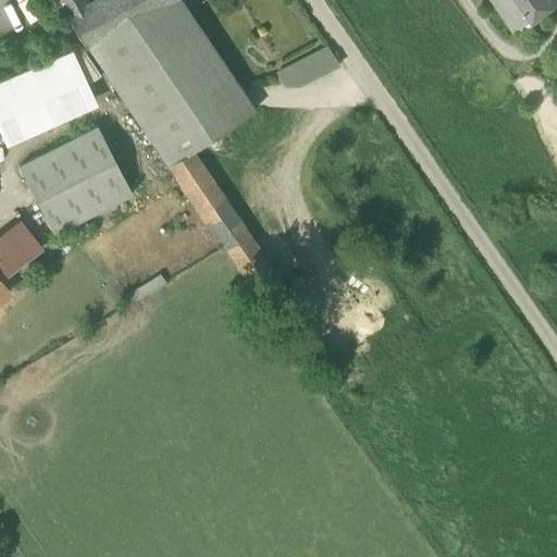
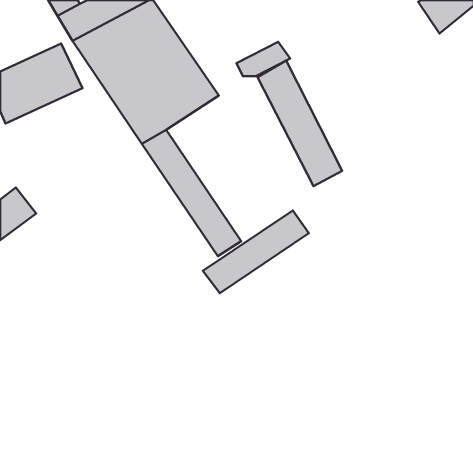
building: none -> [258,61,342,186]
building: [20,126,132,234] -> none
building: none -> [203,211,309,293]

